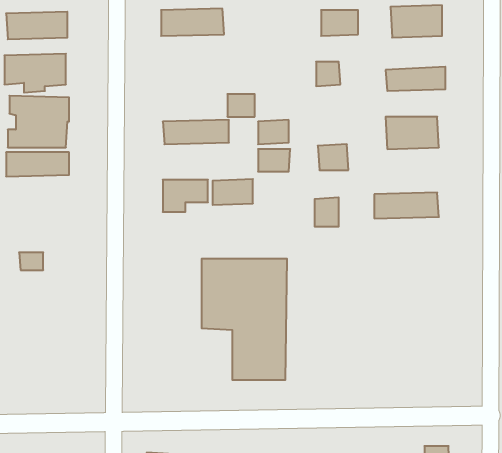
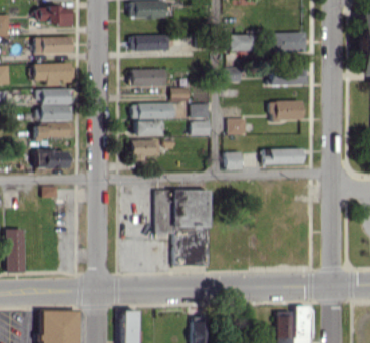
building: none -> [132,68,166,86]
building: [213,179,253,205] -> [135,120,160,136]
building: none -> [37,149,70,168]

